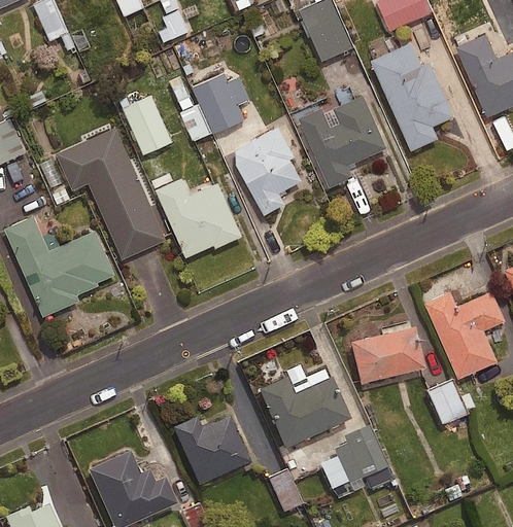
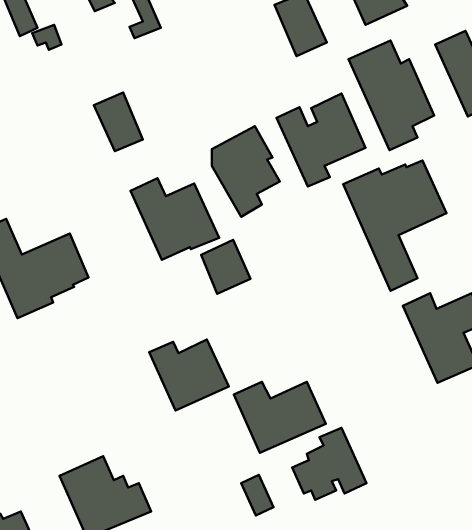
building: [173,70,246,138] -> none
building: [56,127,167,260] -> none
building: none -> [343,160,447,291]
building: none -> [201,240,251,294]
building: [349,328,423,386] -> none
building: [423,381,471,423] -> none
building: [171,417,249,487] -> [149,340,229,411]

